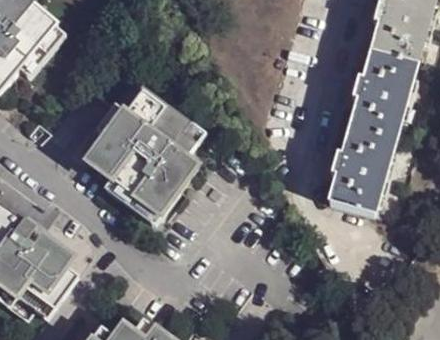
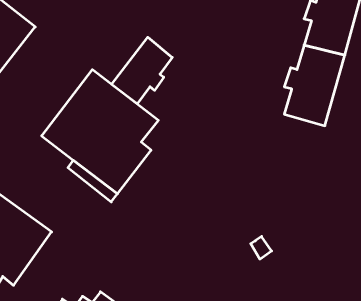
building: none -> [112,37,172,104]
building: [327,129,393,217] -> none

